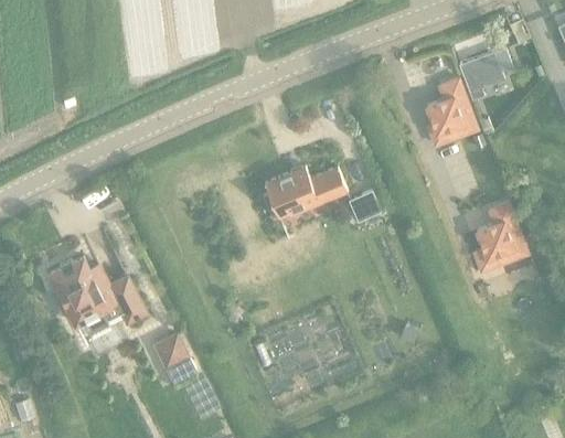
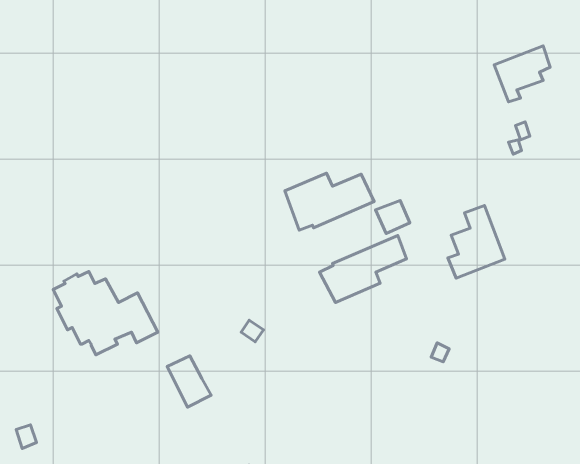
building: [427,79,478,146] -> none
building: [475,204,527,271] -> [448,206,505,278]
building: none -> [320,236,406,302]

